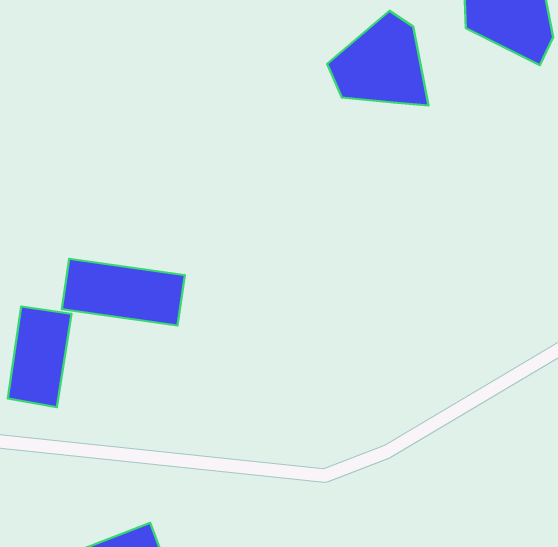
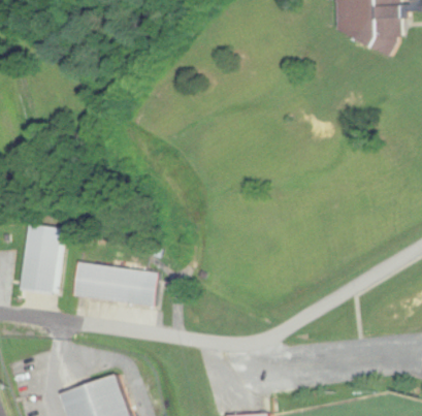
building: [327,11,429,105] -> none
building: [62,259,185,325] -> [72,262,158,309]

